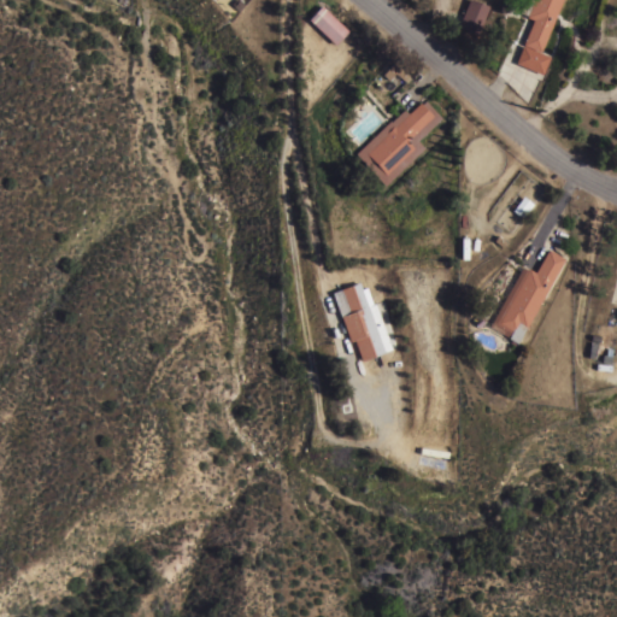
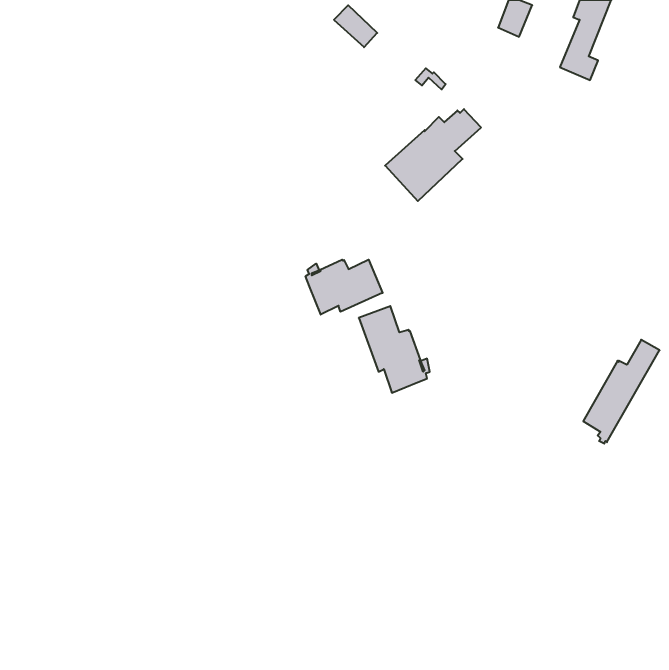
building: none -> [306,260,383,315]
building: [496,249,566,345] -> [583,340,660,444]

